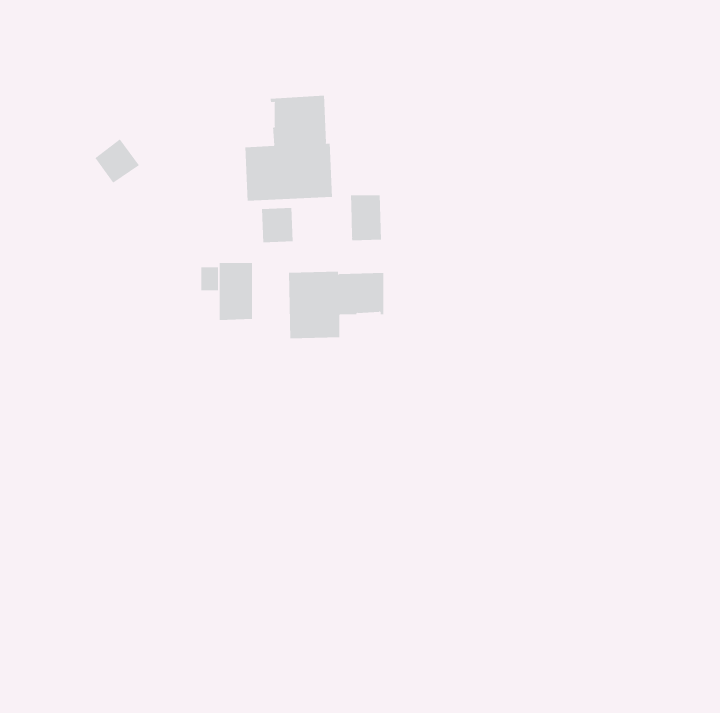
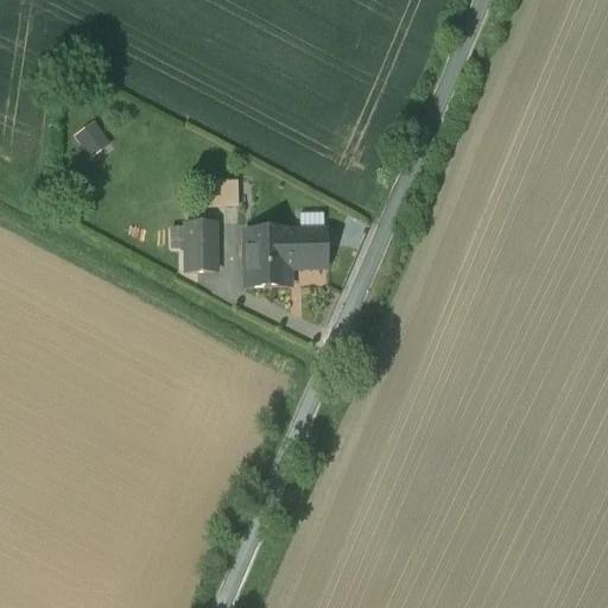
building: [245,95,332,201] -> none
building: [350,194,381,241] -> none

